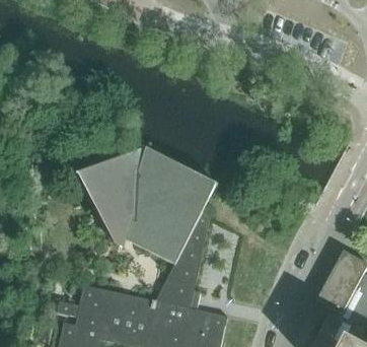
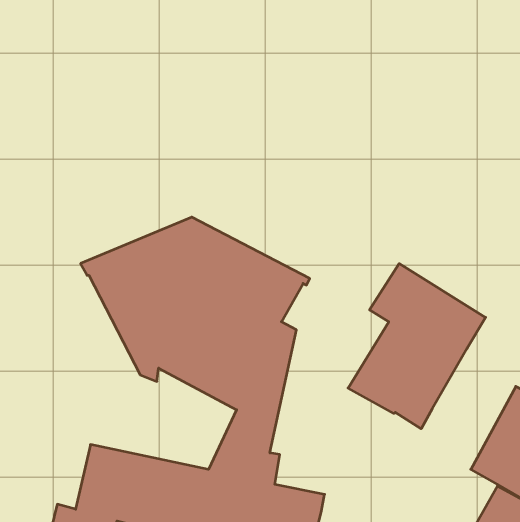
building: none -> [348,264,486,429]

